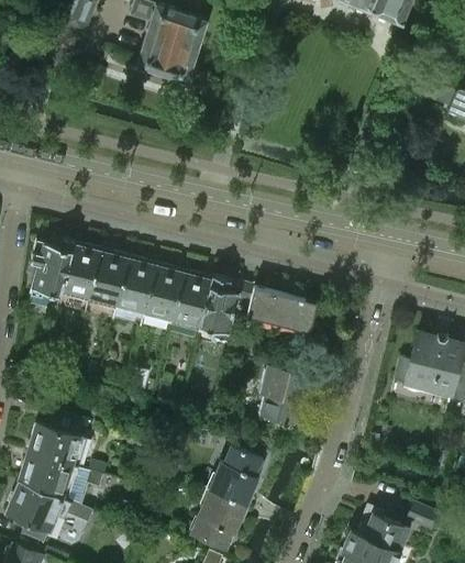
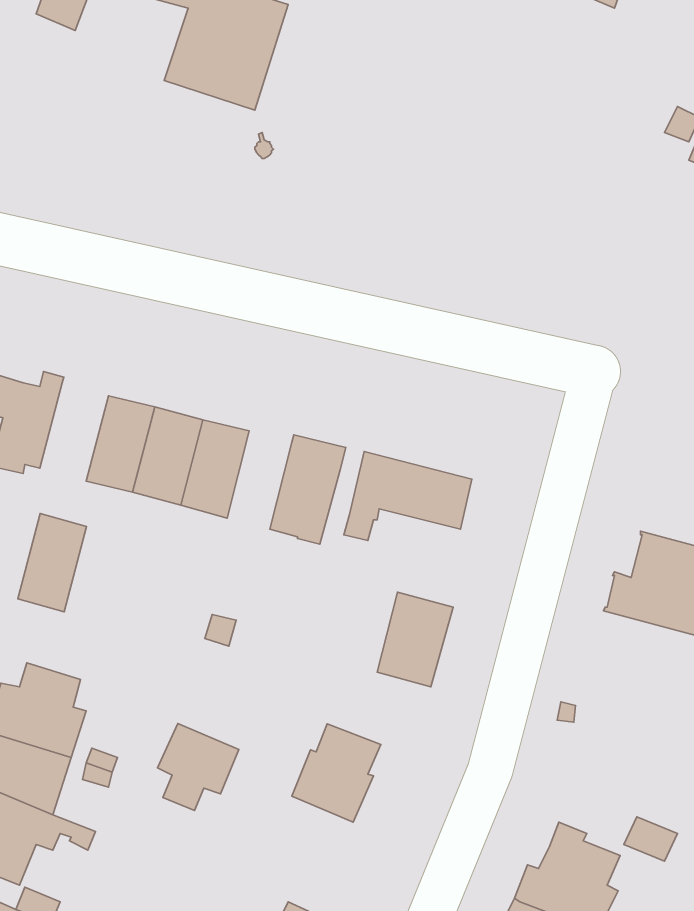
building: [60,244,101,302] -> [18,513,86,612]
building: [171,273,210,331] -> none
building: [198,489,246,541] -> [157,723,239,811]

